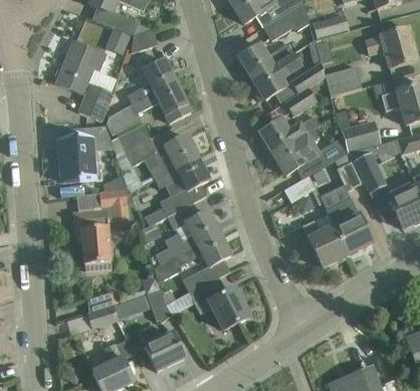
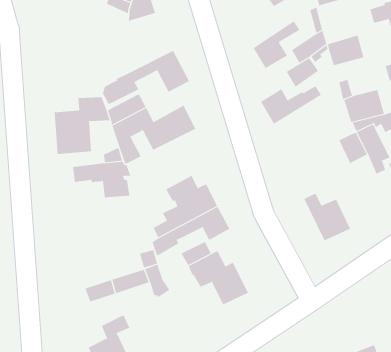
building: [56,41,114,121] -> none
building: [238,42,292,78] -> none
building: [127,58,175,103] -> none
building: [272,127,326,201] -> none
building: [155,157,208,215] -> none
building: [327,196,373,254] -> none
building: [73,210,110,262] -> none
building: [127,324,184,370] -> none

